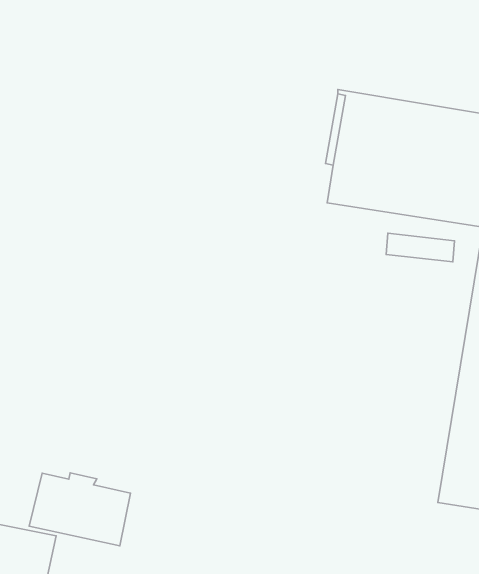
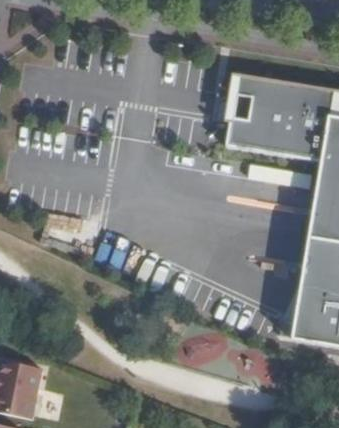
building: [29,473,131,546] -> none

